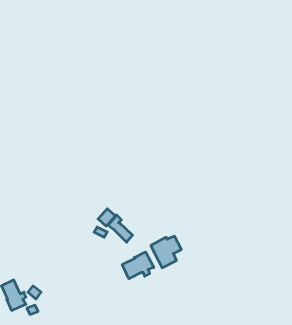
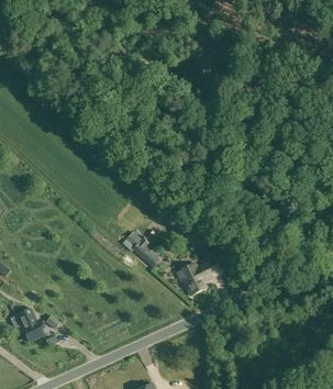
building: [122,252,154,279] -> none

